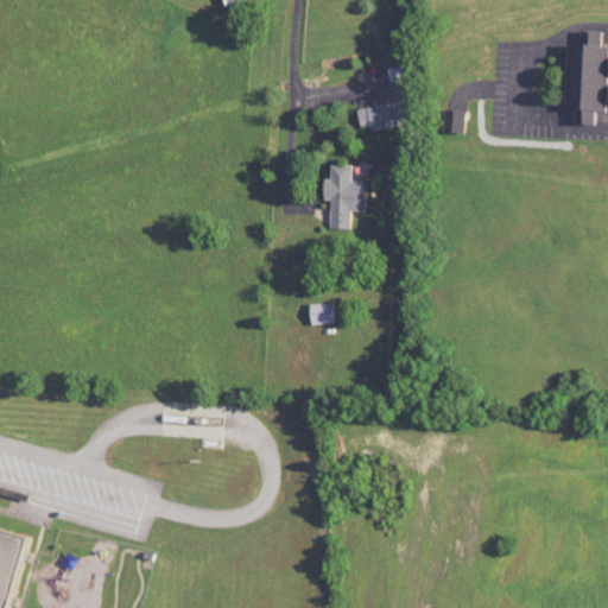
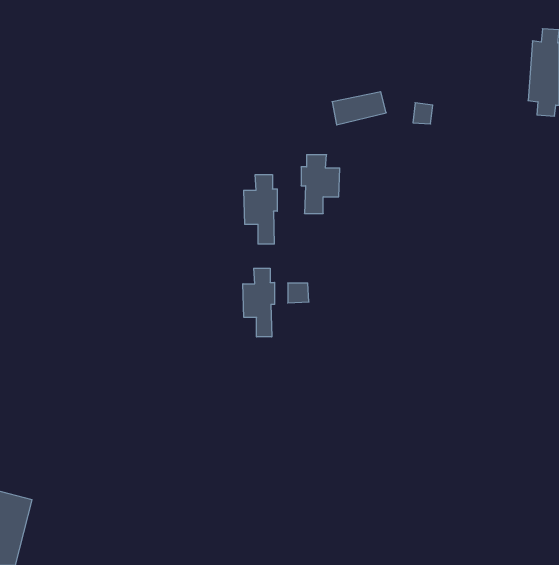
building: none -> [244,175,277,244]
building: none -> [243,268,275,337]

